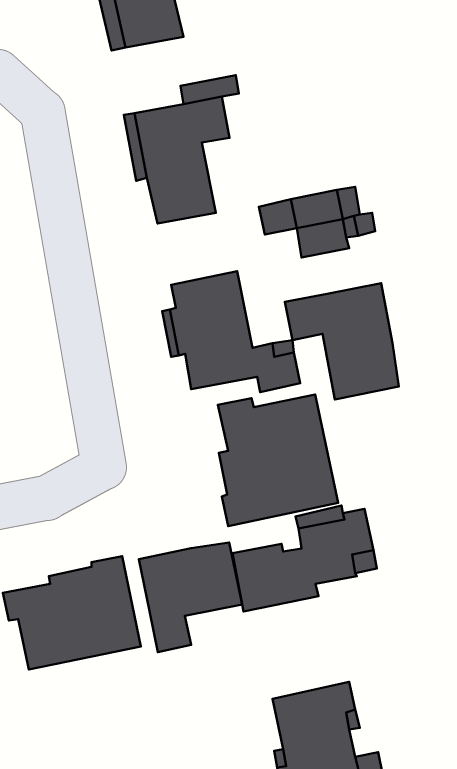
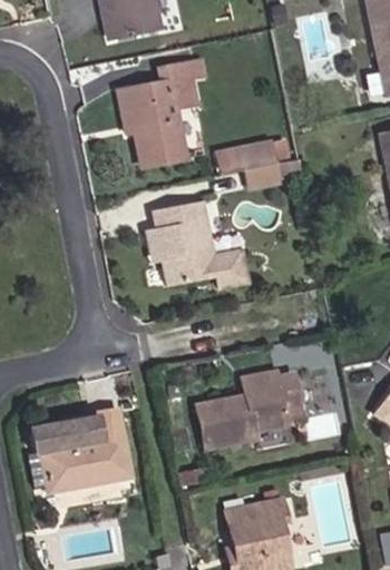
building: [285,283,399,399] -> none
building: [218,394,338,526] -> none
building: [139,543,242,652] -> none

